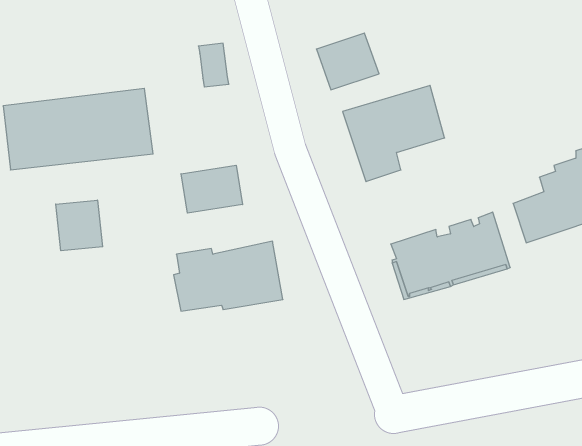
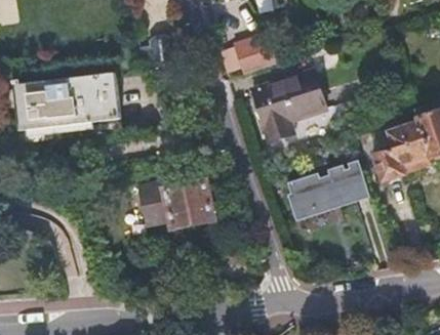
building: [181,165,243,213] -> none
building: [56,200,103,251] -> none

